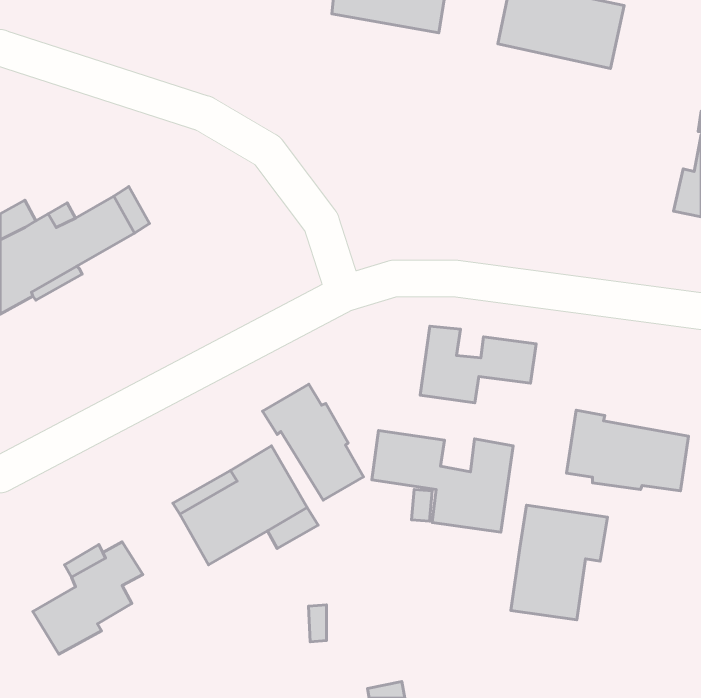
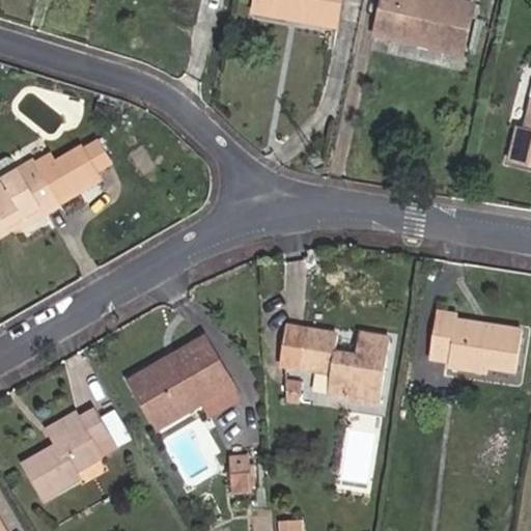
building: [420,326,536,403] -> none
building: [262,384,364,500] -> none
building: [511,505,607,620] -> none

